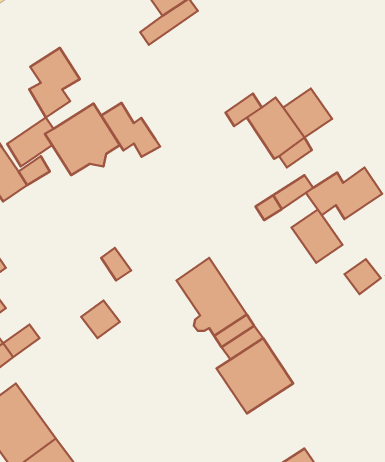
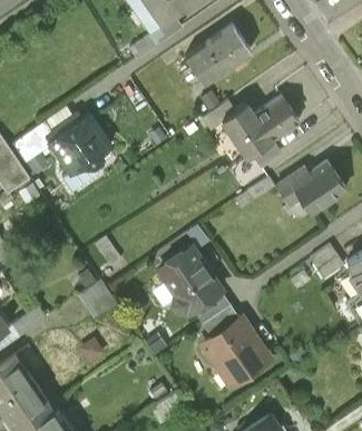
building: none -> [187,25,252,84]
building: [29,48,80,117] -> none
building: [101,103,160,157] -> none
building: [291,210,343,263] -> none

